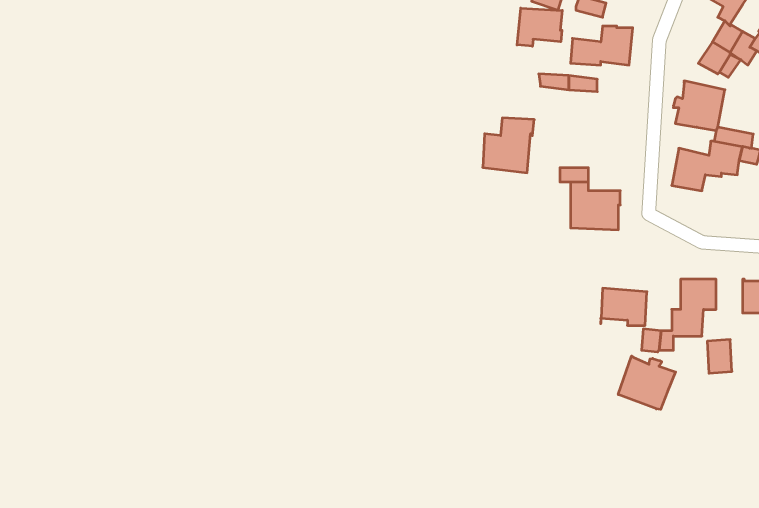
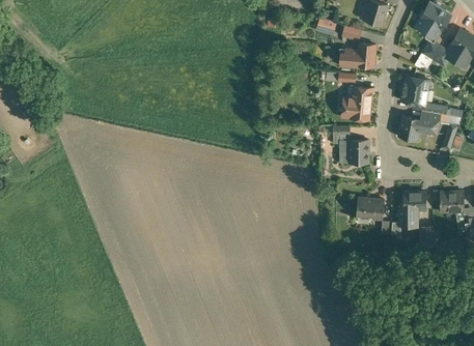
building: [517,8,562,46] -> none
building: [483,118,534,173] -> [343,87,373,119]
building: [618,356,676,409] -> none

